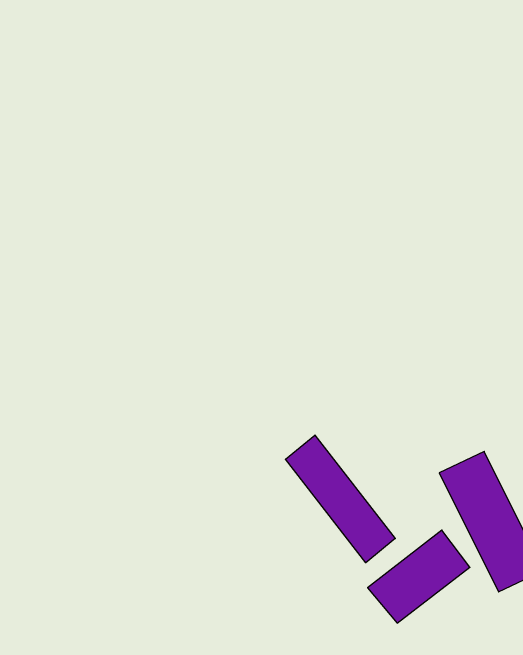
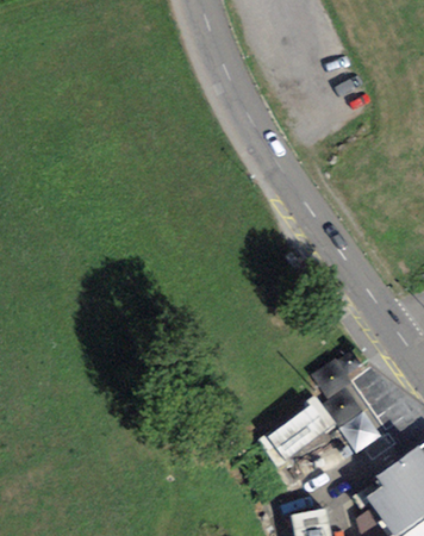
building: [285,435,395,563] -> none

